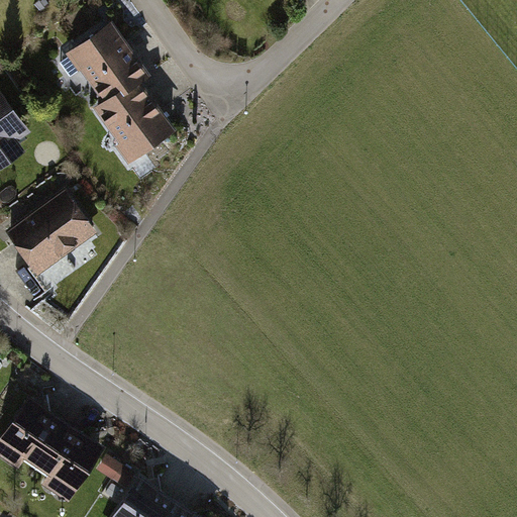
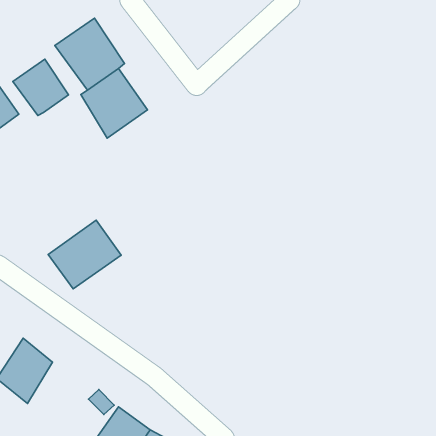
building: none -> [13,59,69,116]
building: [8,190,94,271] -> [48,220,121,289]
building: [32,429,99,505] -> none

